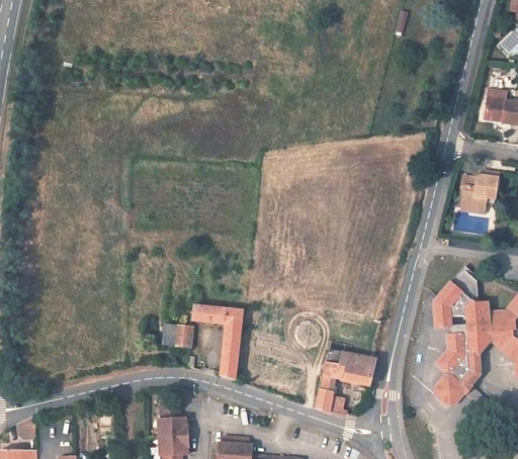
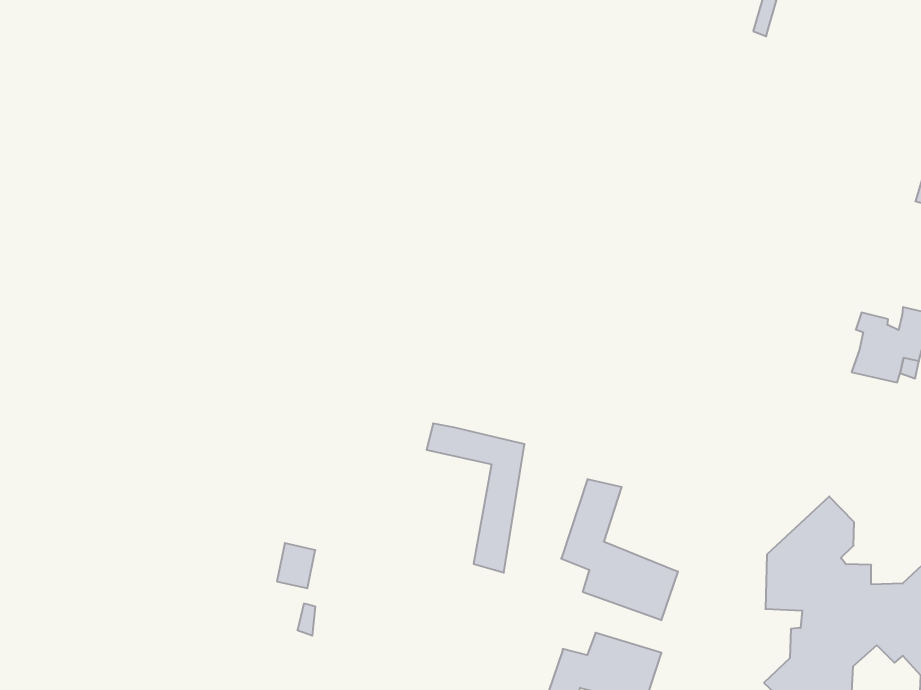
building: none -> [561,479,678,620]
building: [191,306,242,380] -> [427,423,525,573]

